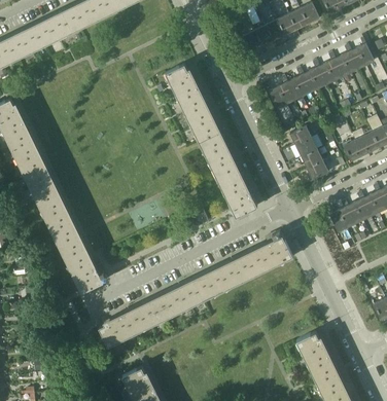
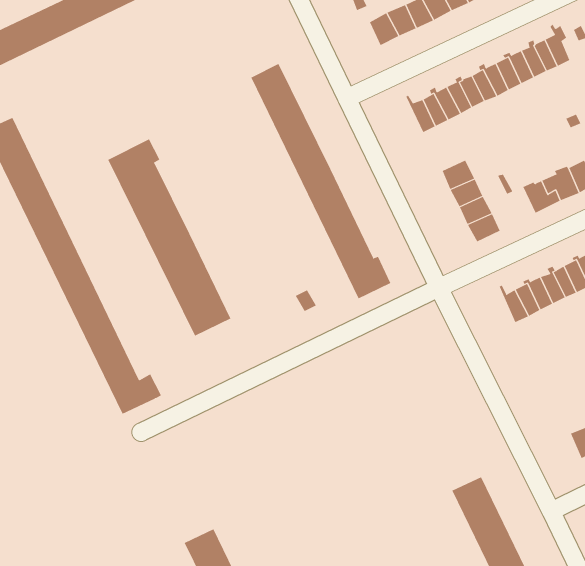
building: none -> [107,139,231,336]
building: [99,229,292,345] -> none

